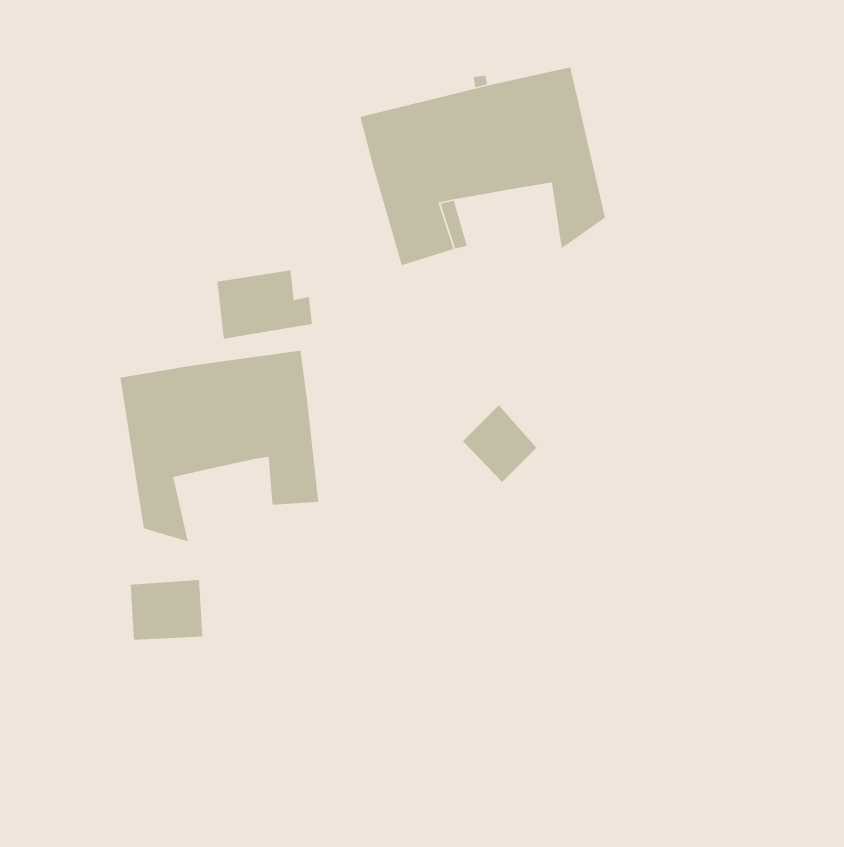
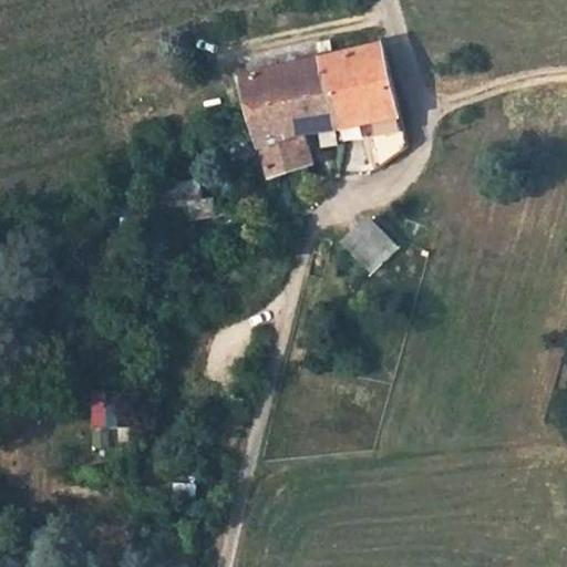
building: [120,350,319,542] -> none
building: [462,404,537,483] -> [342,217,392,269]

